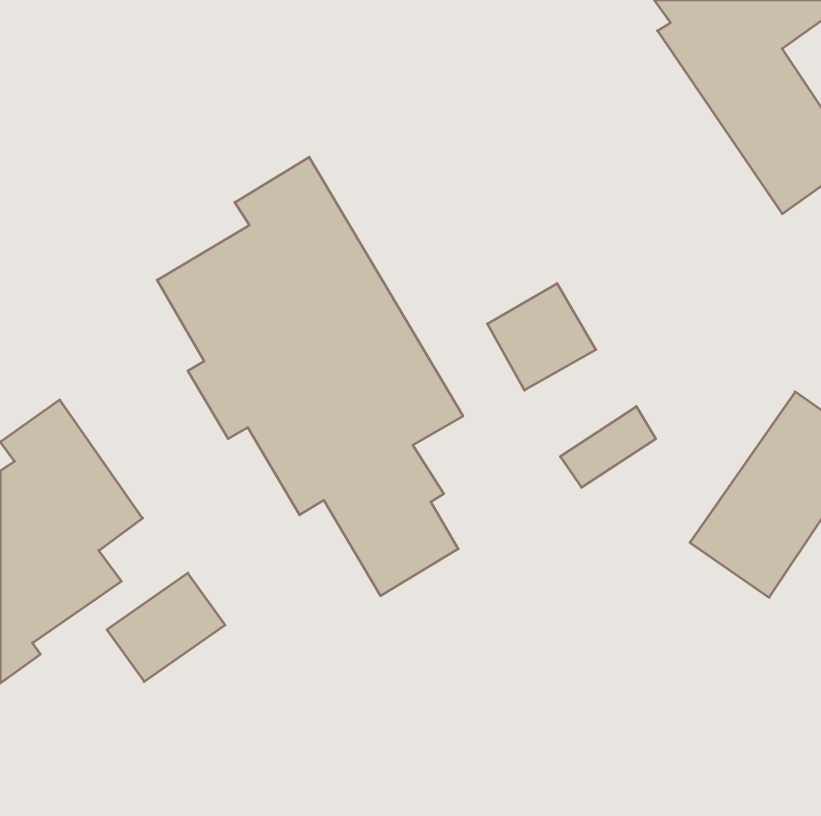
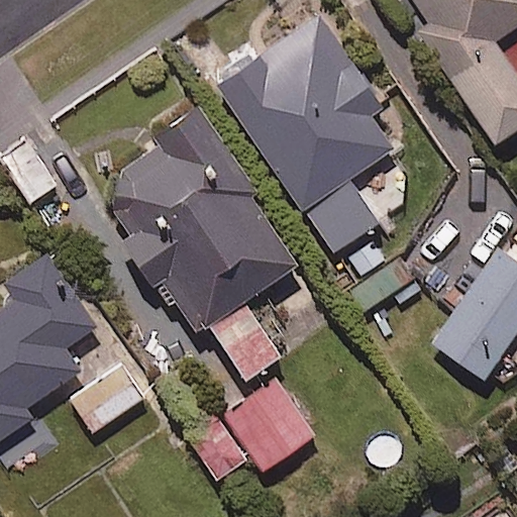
building: none -> [216,15,391,207]
building: none -> [190,382,313,480]

